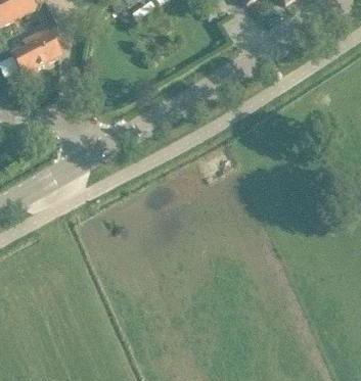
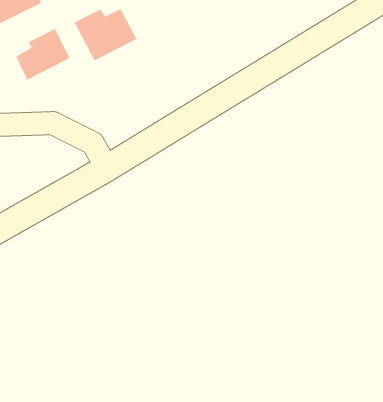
building: none -> [73,8,138,62]

